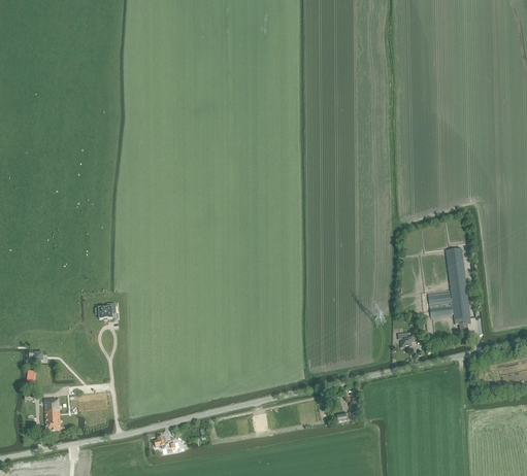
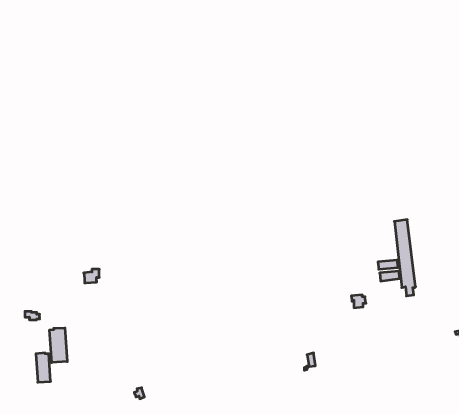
building: none -> [50,328,67,363]

